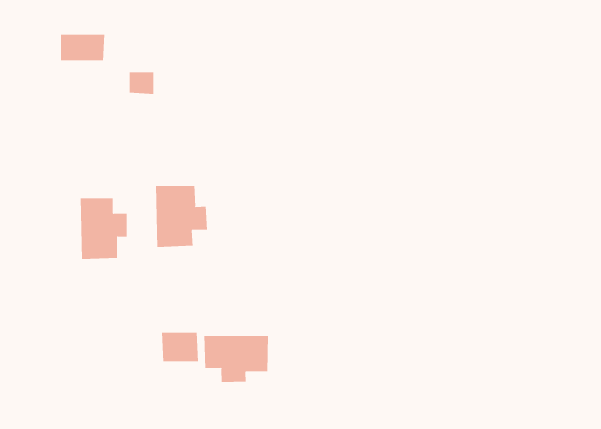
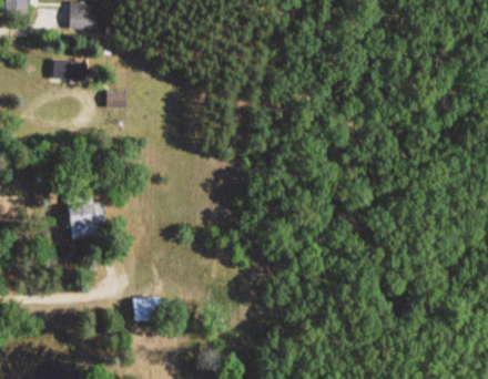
building: [155,185,207,248] -> none
building: [204,335,268,383] -> none

